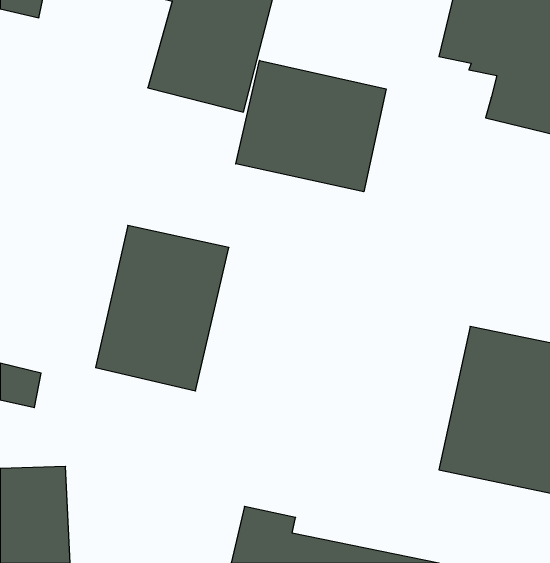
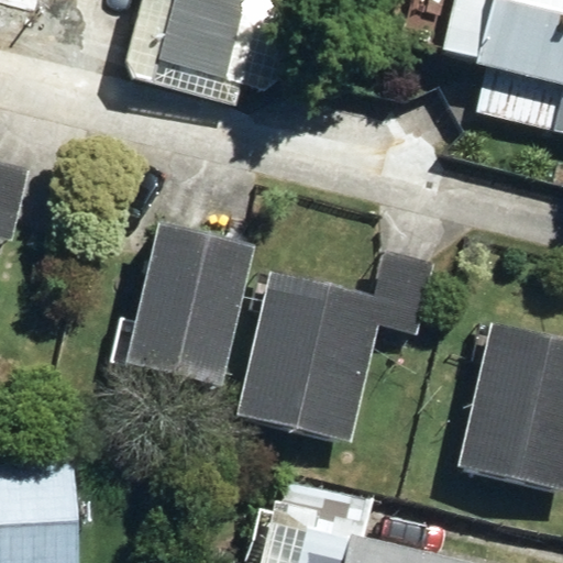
building: [236,60,386,192] -> none
building: none -> [231,249,437,441]

